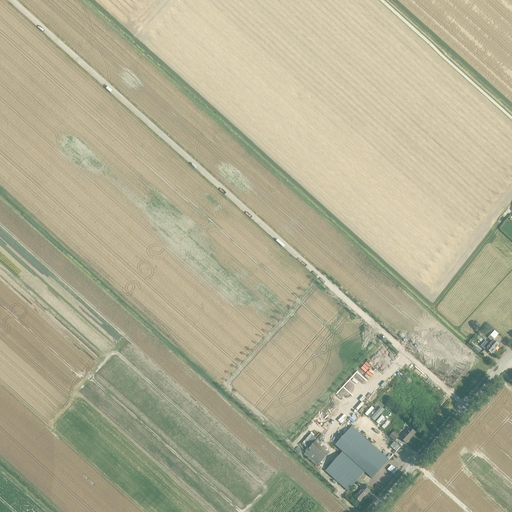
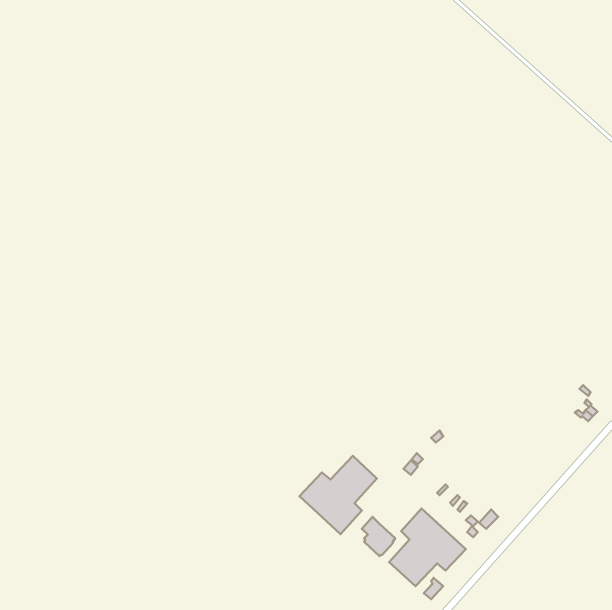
building: none -> [300,456,377,534]

